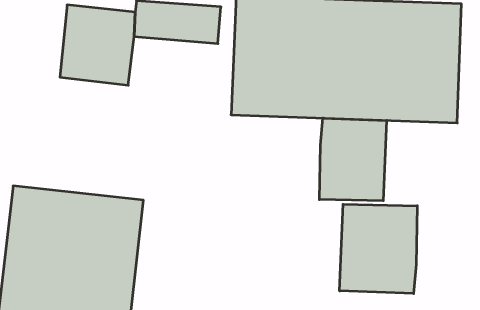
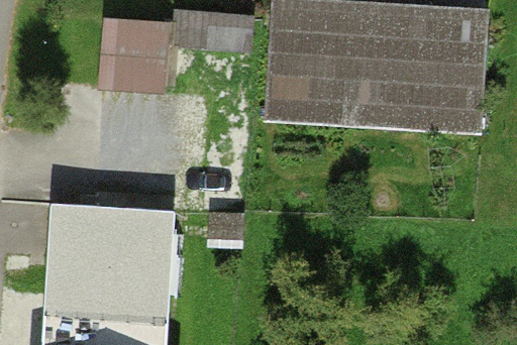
building: [319,118,387,201] -> none
building: [340,204,417,294] -> none

